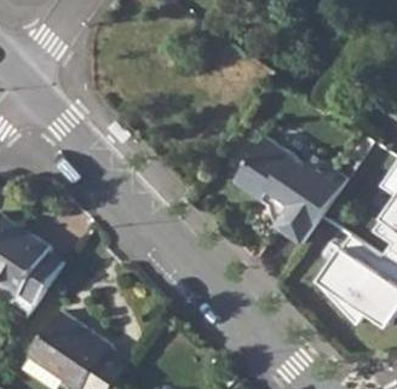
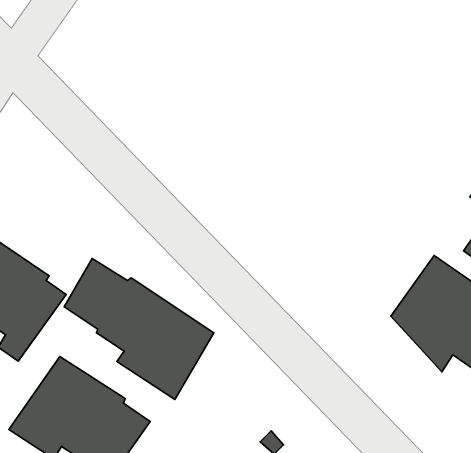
building: [238,138,350,240] -> none
building: none -> [64,259,214,399]

